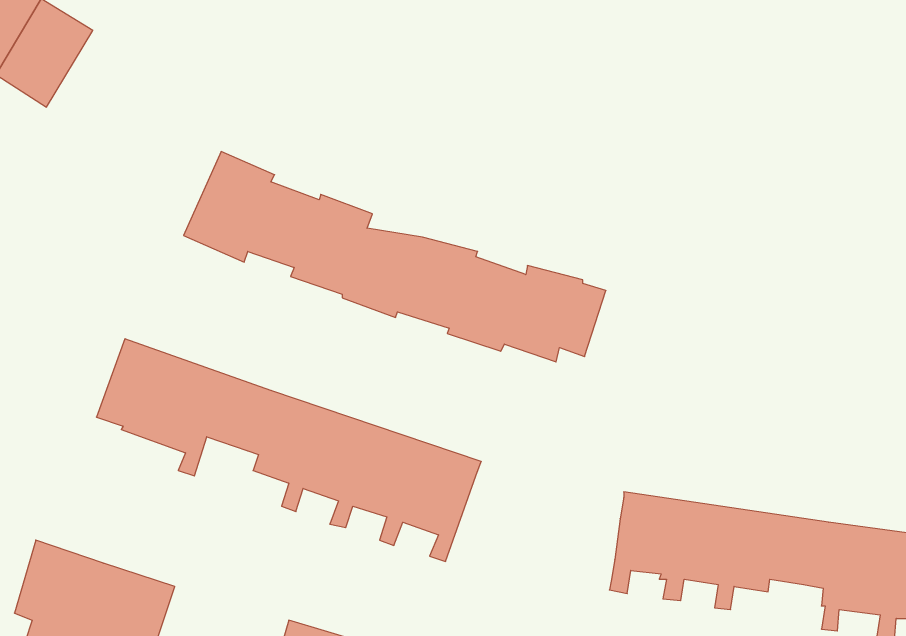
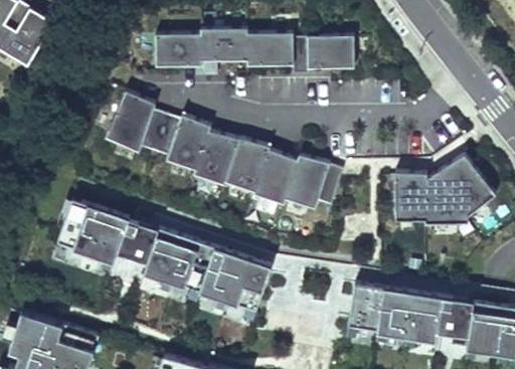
building: none -> [155,23,354,76]
building: none -> [393,154,497,225]

